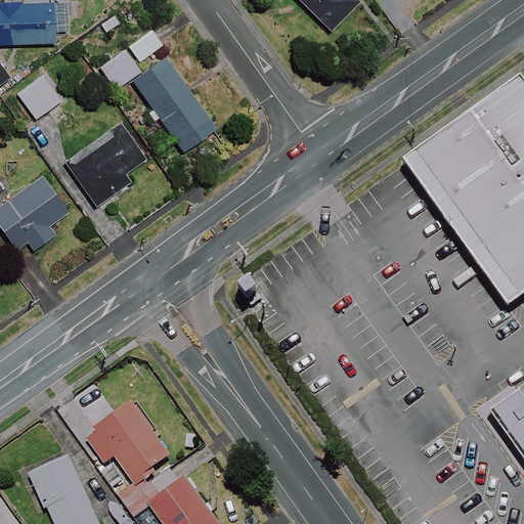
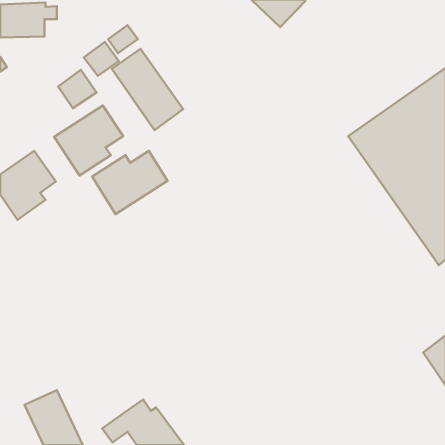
building: [16,75,61,120] -> [58,70,96,108]
building: none -> [92,151,168,214]
building: [88,399,170,486] -> none

